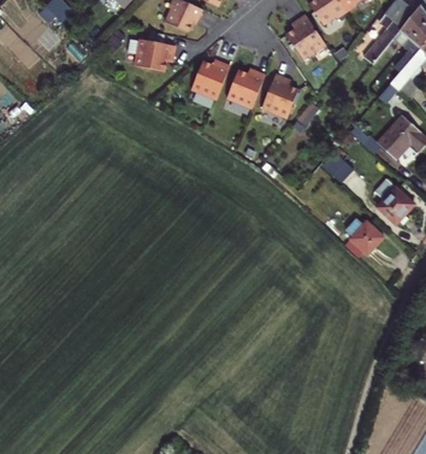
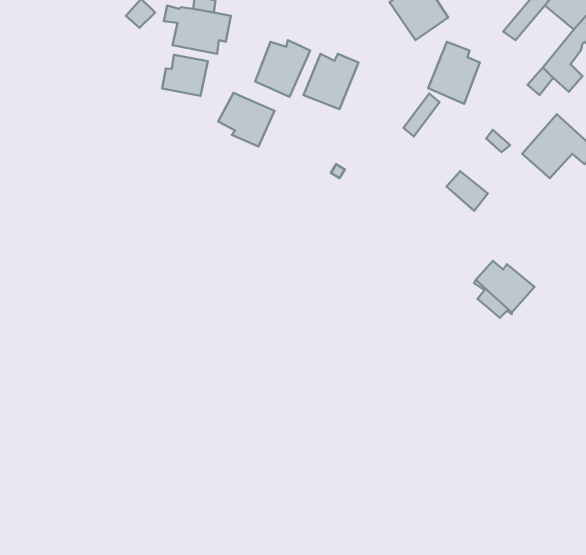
building: none -> [162,55,208,96]
building: [260,77,296,120] -> [428,42,480,104]
building: none -> [218,93,274,146]
building: [373,177,415,222] -> none

